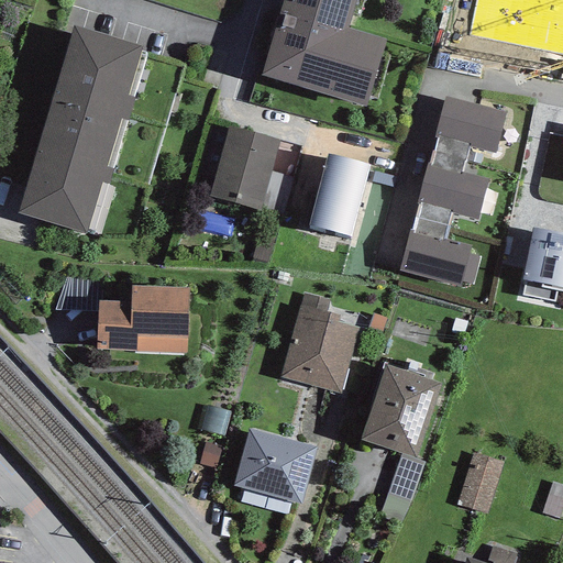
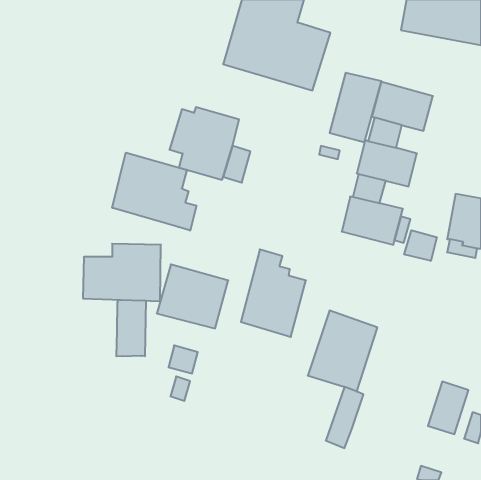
building: [19,25,142,232] -> none
building: [309,154,369,235] -> [330,73,381,142]
building: none -> [112,153,196,231]
building: none -> [404,230,437,261]
building: none -> [116,300,146,356]
building: [233,428,317,503] -> [157,264,228,328]
building: [456,452,504,514] -> [428,382,468,434]

